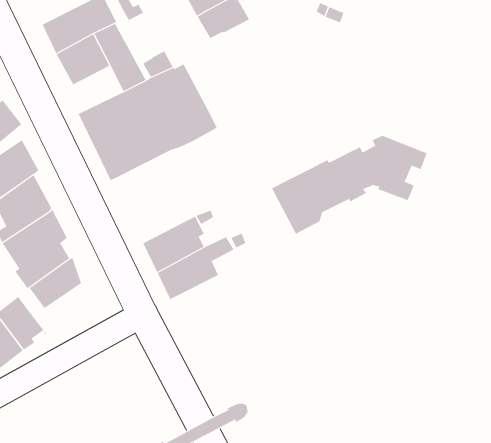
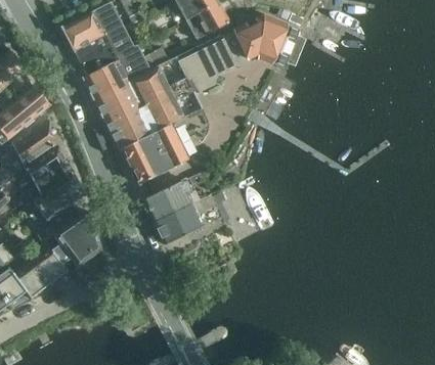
building: none -> [83,59,128,97]
building: [271,135,428,235] -> [176,15,300,94]
building: none -> [122,124,188,184]
building: none -> [51,231,101,273]

